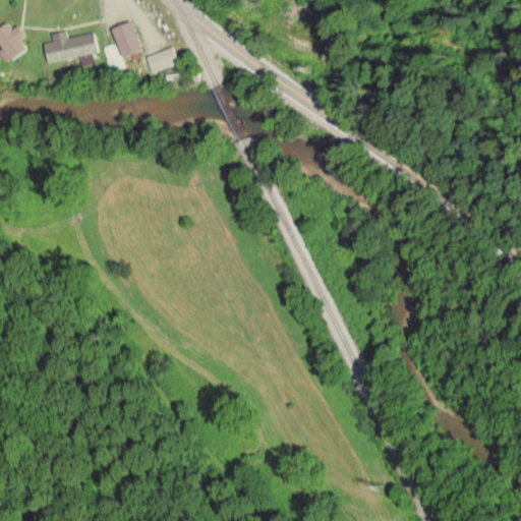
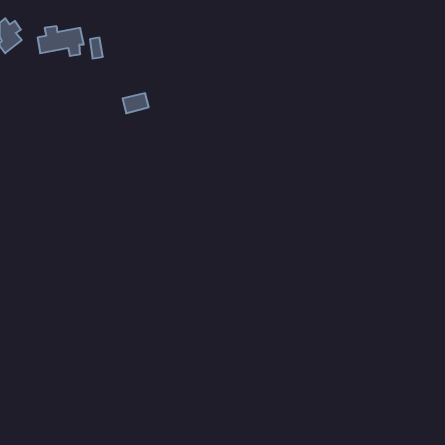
building: [112,22,140,57] -> none
building: [147,49,177,72] -> [123,93,149,113]

